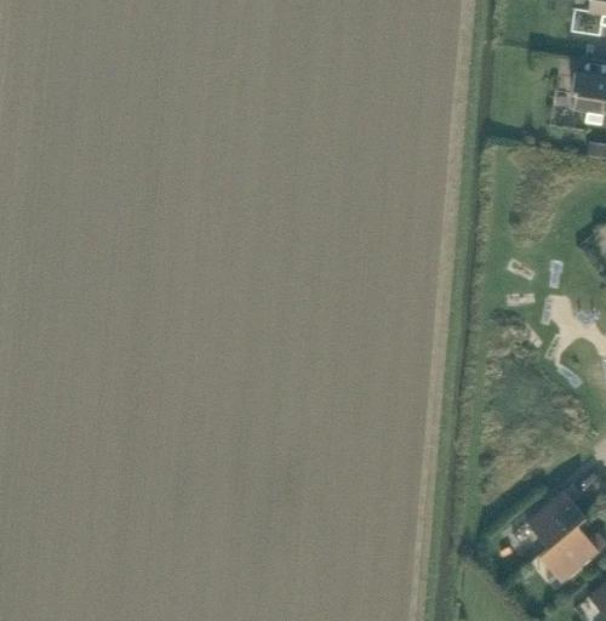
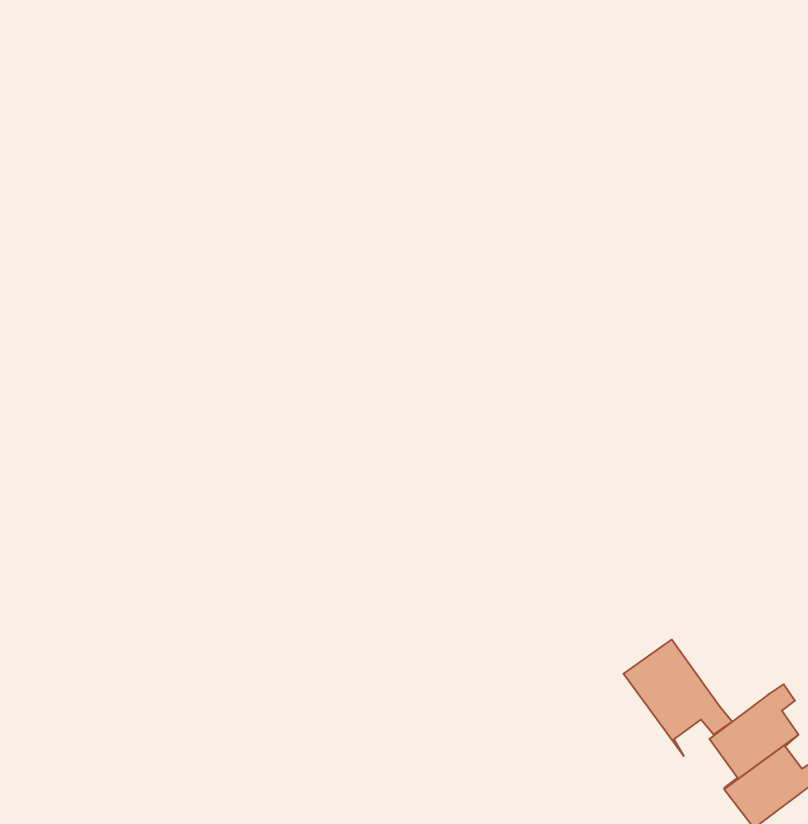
building: none -> [623,640,732,756]

